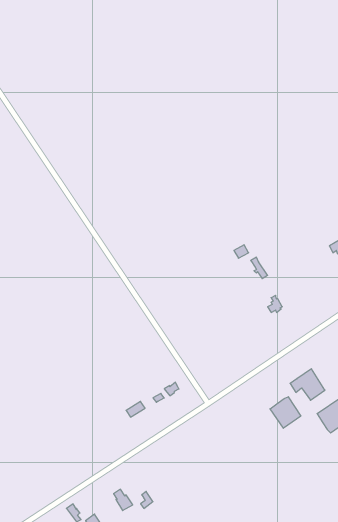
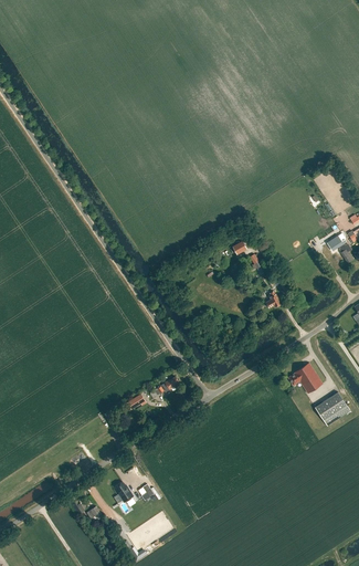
building: [270,397,301,428] -> none

